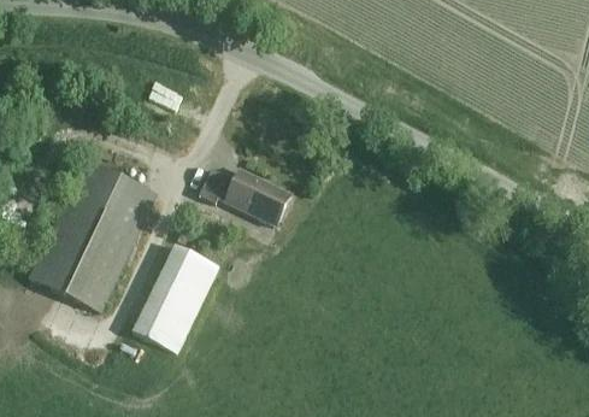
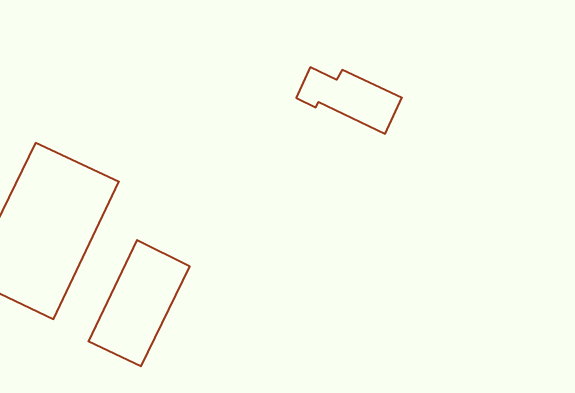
building: [199,168,290,225] -> [296,67,402,134]

